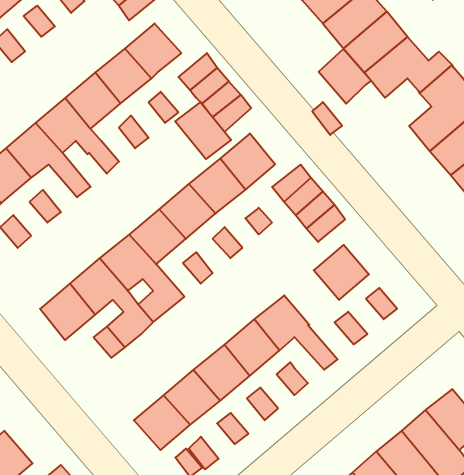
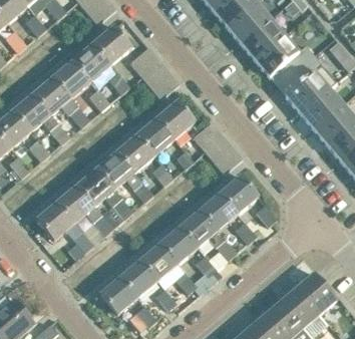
building: [319,49,371,104] -> none
building: [175,102,231,159] -> none
building: none -> [201,193,238,230]

